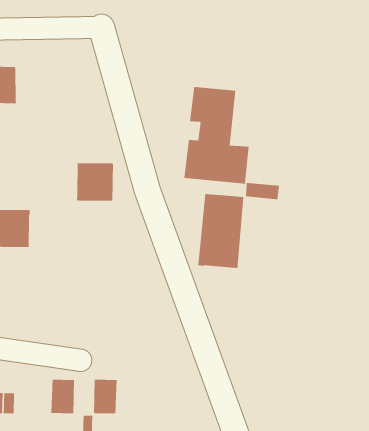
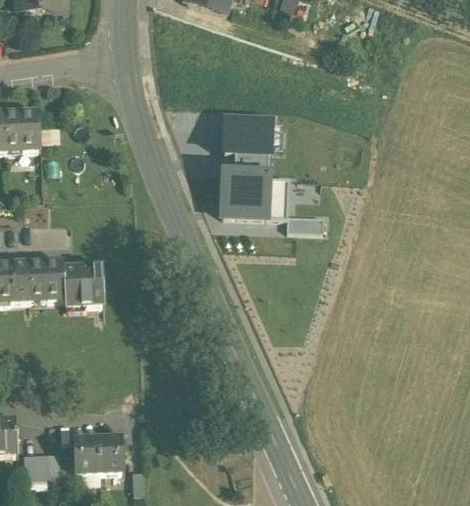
building: [76,162,114,202] -> [62,262,103,306]
building: [197,193,245,269] -> none
building: [93,378,117,414] -> [72,436,98,474]

